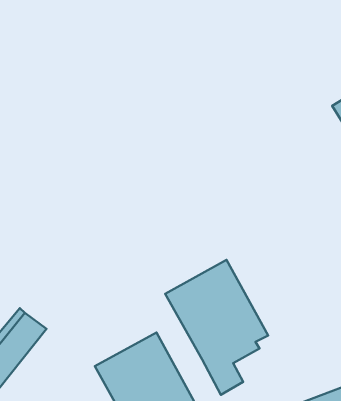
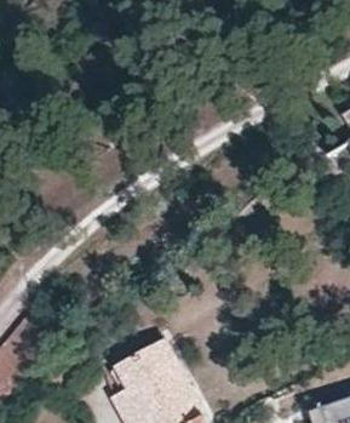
building: [165,260,268,395] -> none

